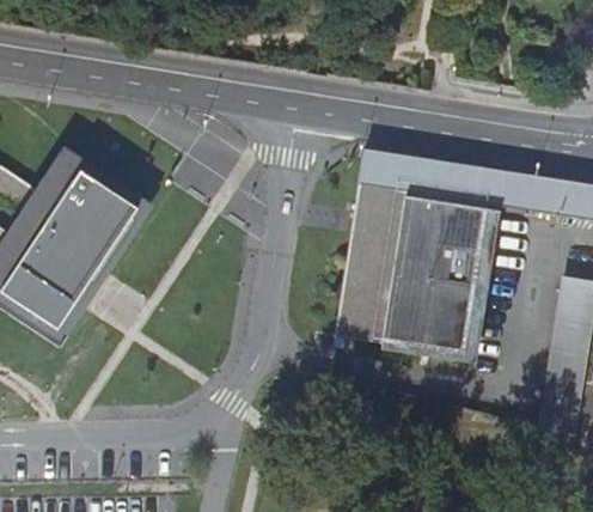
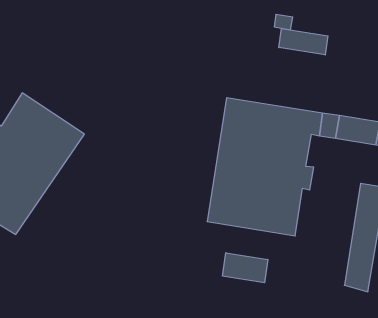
building: none -> [279,29,328,55]
building: none -> [223,253,268,283]

